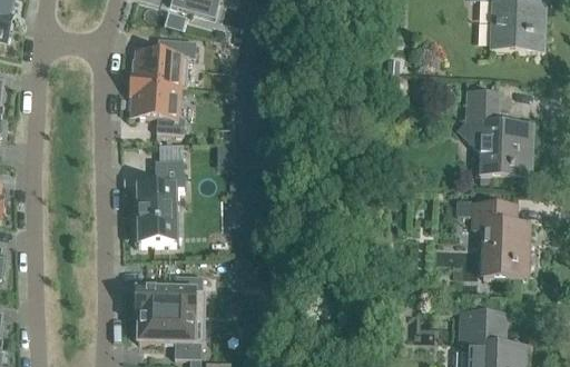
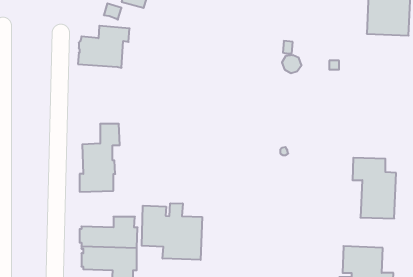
building: [129,85,183,132] -> none
building: [456,89,533,176] -> none
building: none -> [142,203,202,260]

